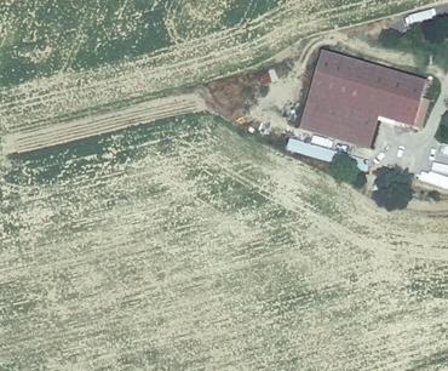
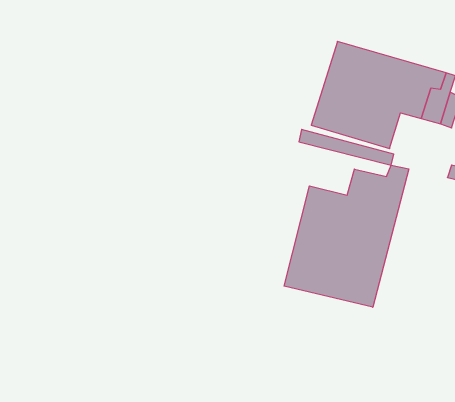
building: none -> [284,165,409,307]

